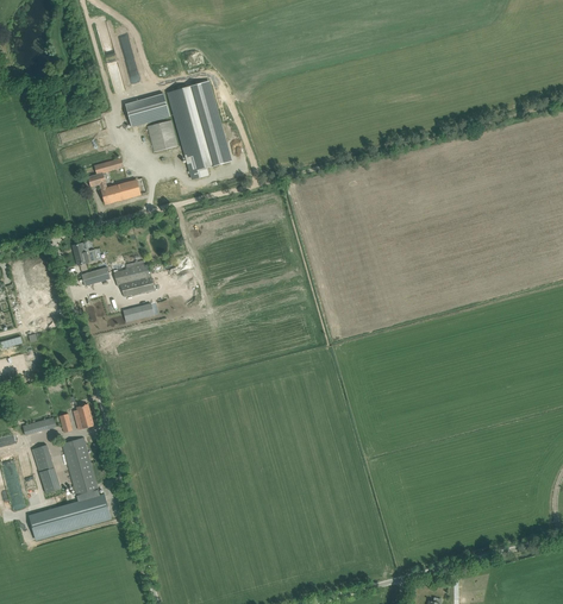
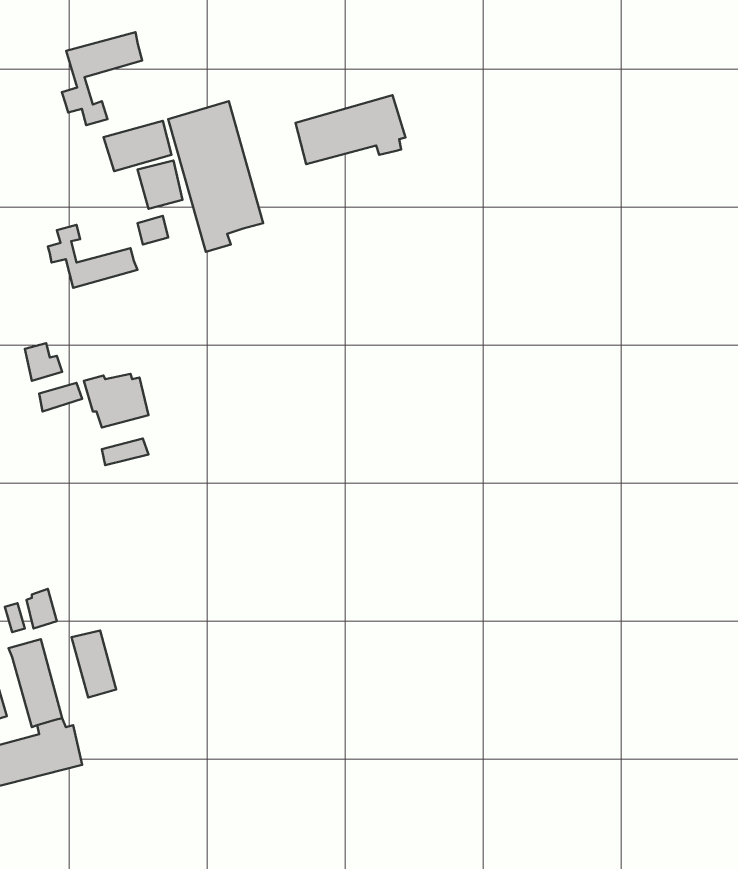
building: none -> [62,32,142,125]
building: none -> [296,95,405,164]
building: none -> [71,631,116,698]

